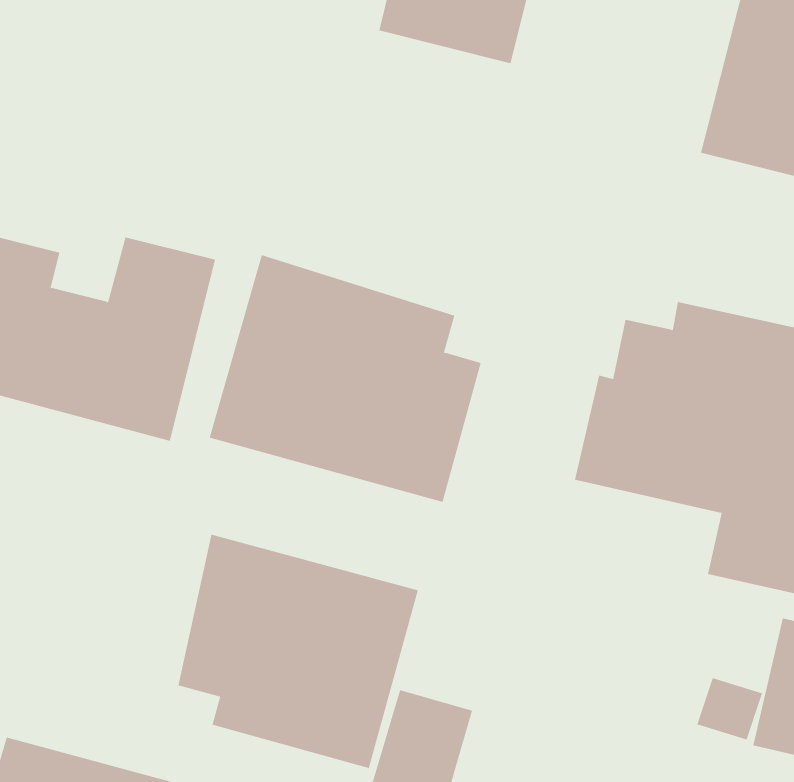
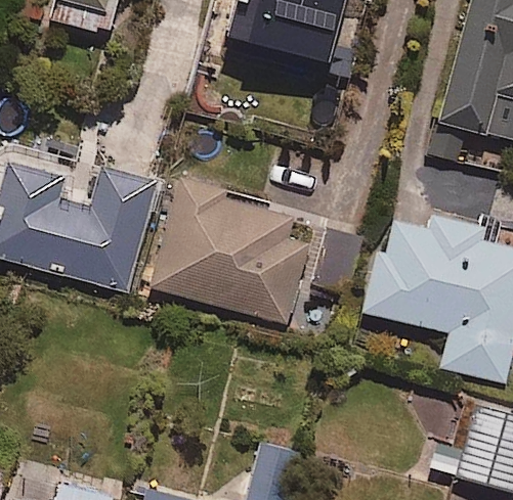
building: [178,534,419,769] -> none

